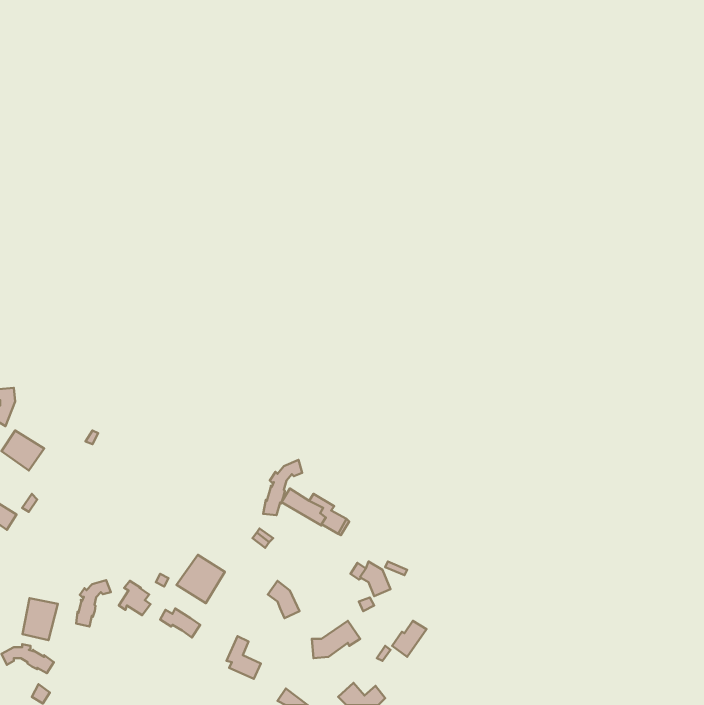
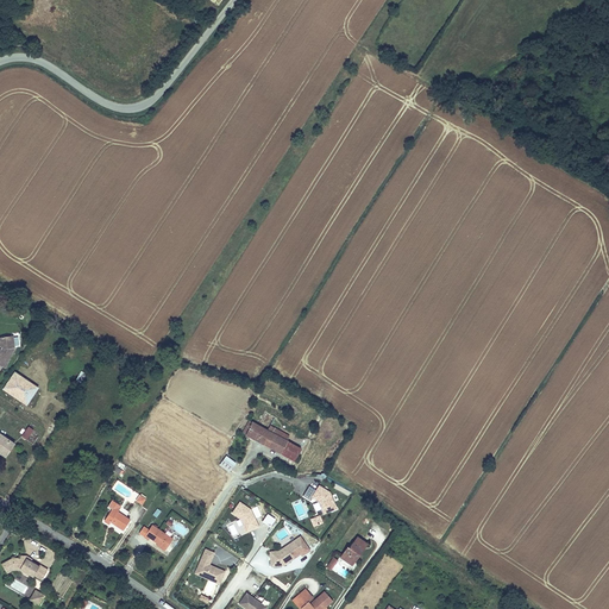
building: [263,460,302,515] -> none
building: [177,555,225,603] -> none
building: [76,580,111,627] -> none
building: [22,598,58,640] -> none

